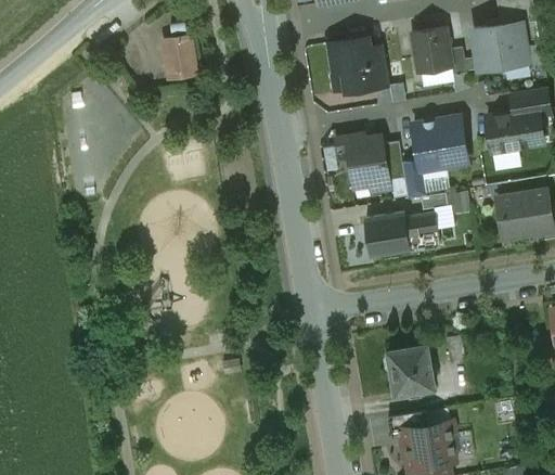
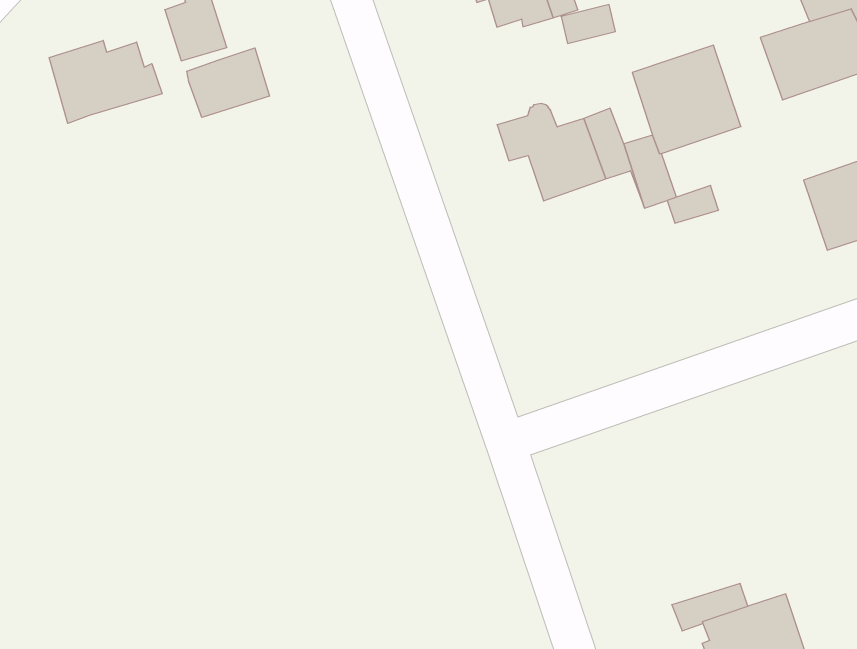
building: none -> [49,40,162,123]
building: none -> [187,48,270,117]
building: [365,213,437,255] -> none
building: [385,345,433,394] -> none

